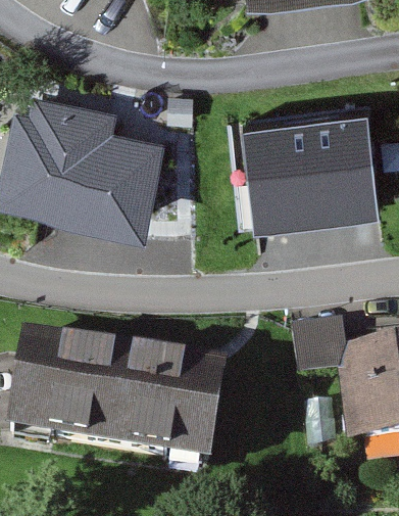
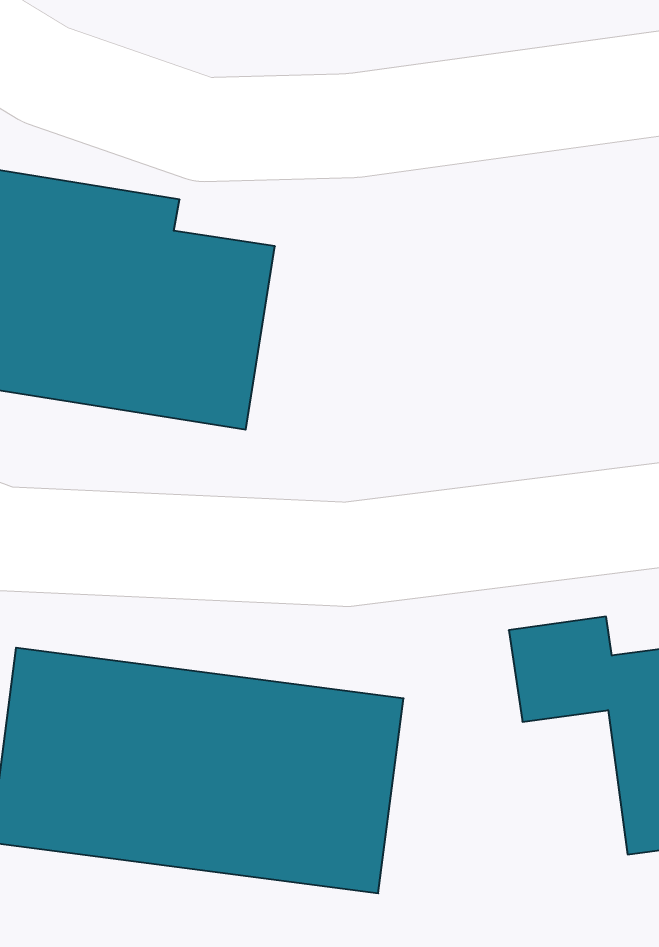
building: [222,115,367,231] -> none

